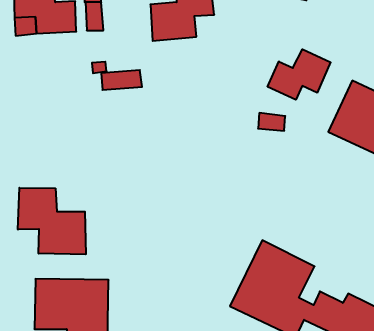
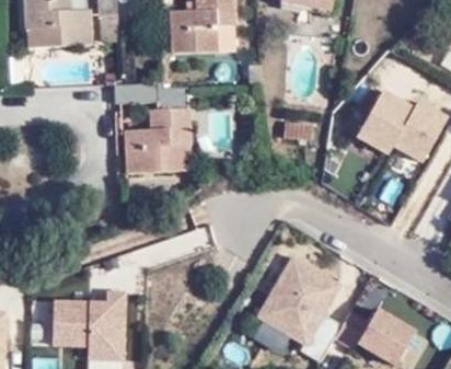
building: [268,49,331,100] -> none
building: none -> [128,101,195,165]
building: [18,188,86,254] -> none

